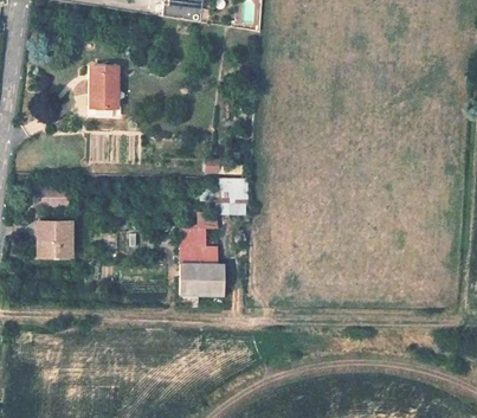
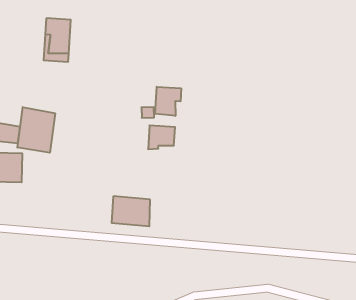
building: none -> [155,87,181,116]
building: none -> [17,107,55,153]
building: [180,229,218,261] -> none

